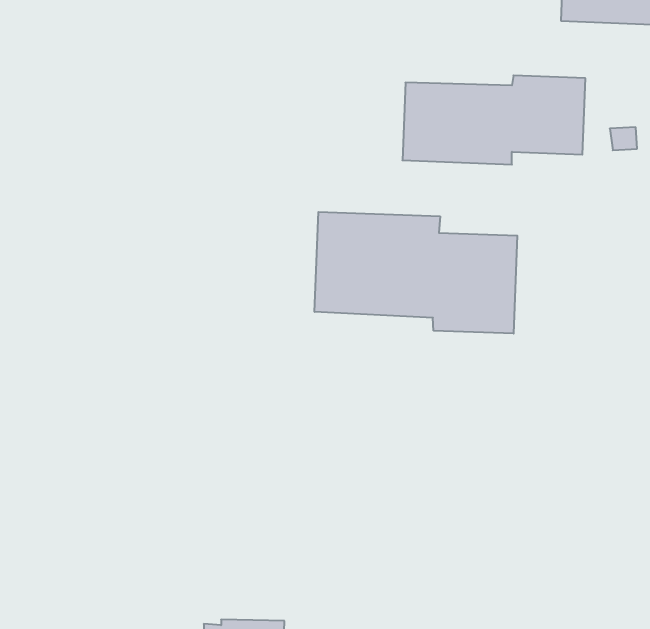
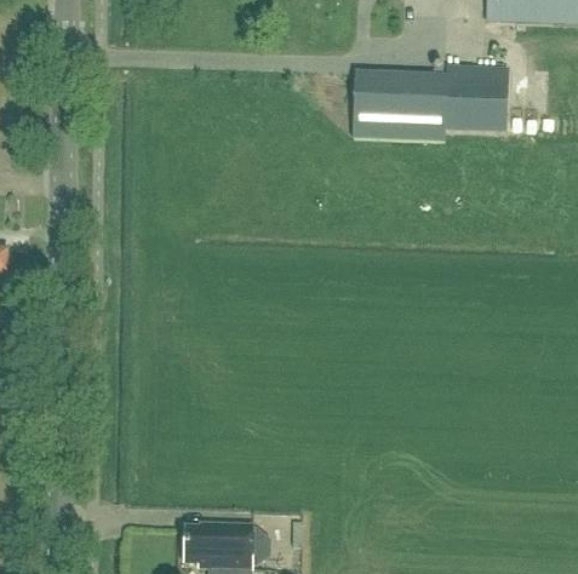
building: [315,212,517,334] -> none

